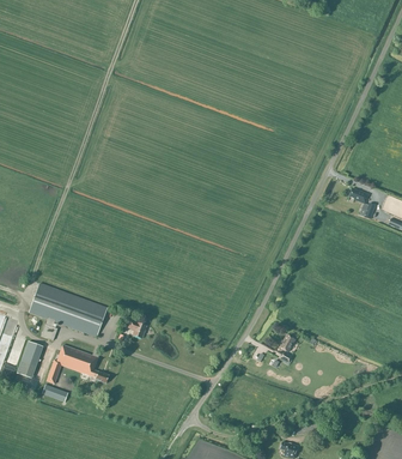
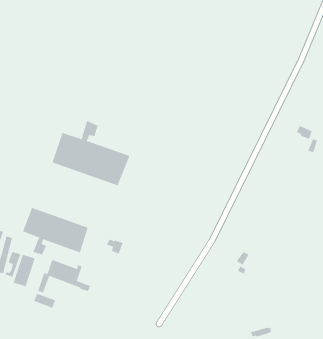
building: none -> [52,120,130,186]

